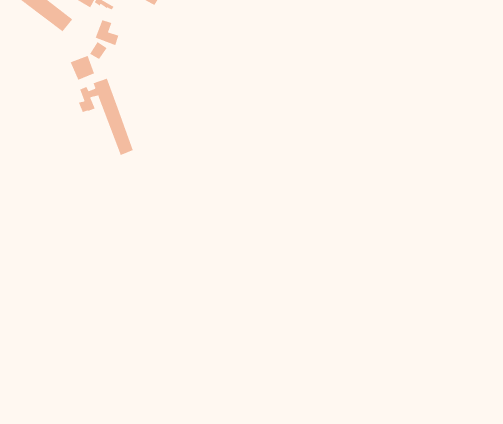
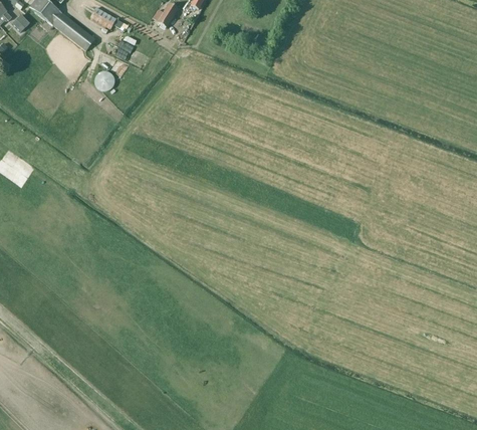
building: [78,78,134,156] -> none

